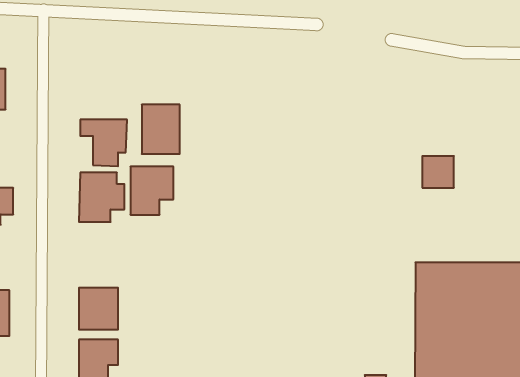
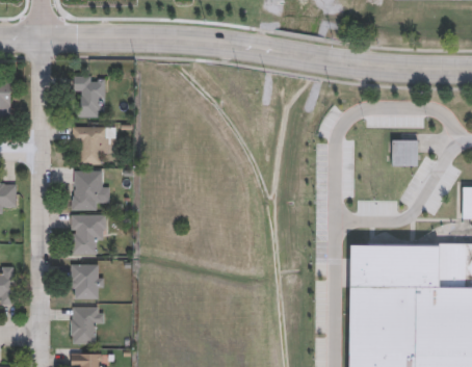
building: [142,105,180,154] -> [74,77,105,117]
building: [422,156,454,188] -> [391,141,417,167]
building: [130,167,173,215] -> [71,215,106,255]

